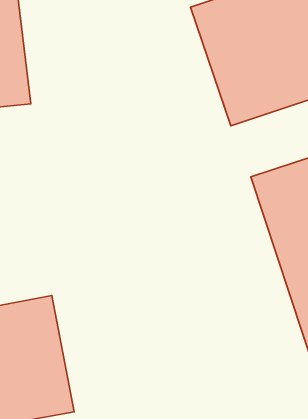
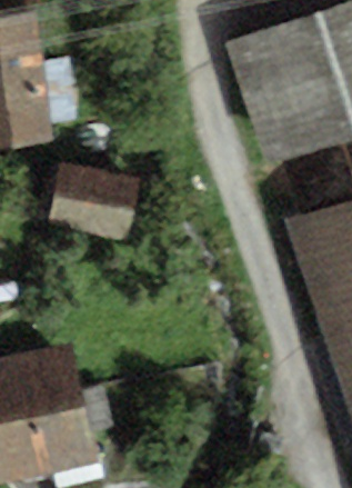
building: none -> [47,162,141,239]

